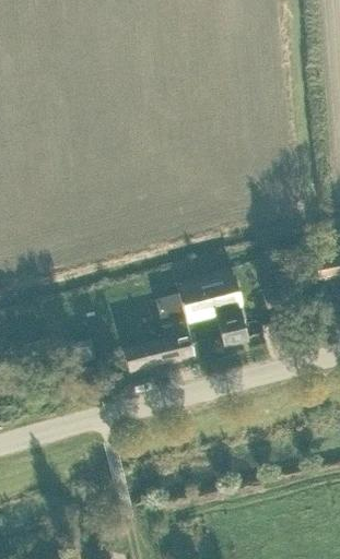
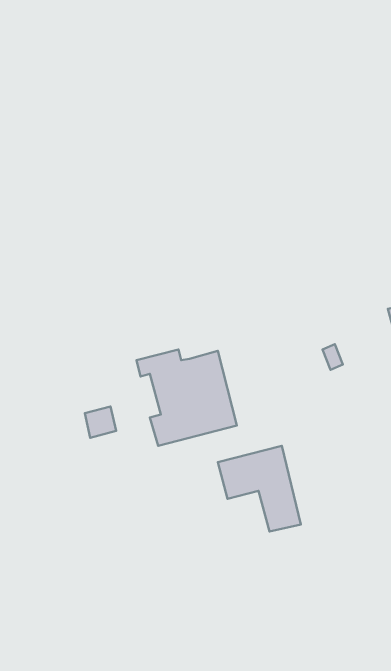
building: [184,277,250,346] -> [218,446,301,531]

